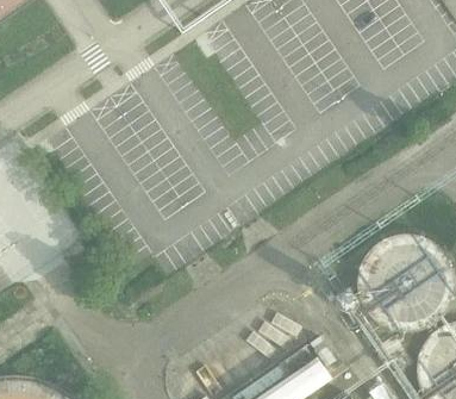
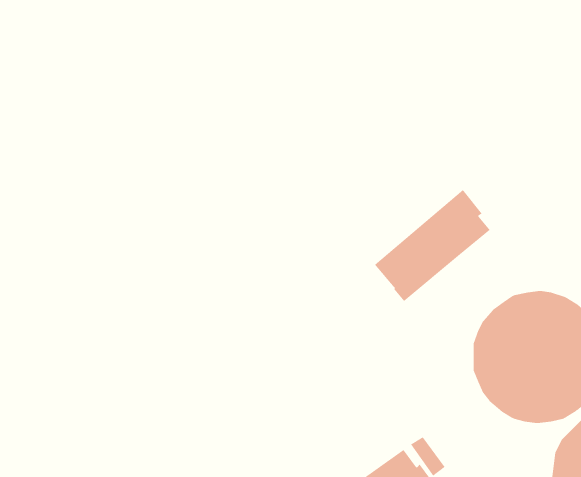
building: none -> [374,189,490,302]

